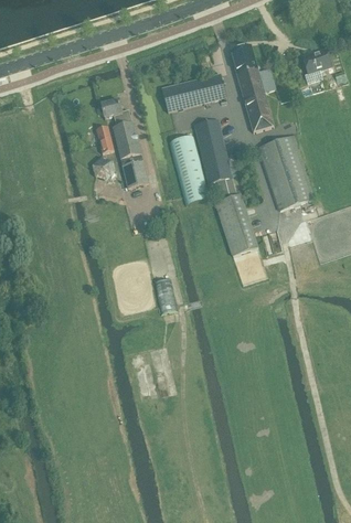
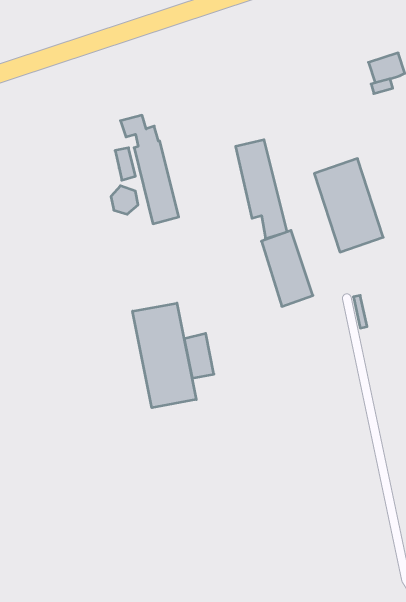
building: [232,45,276,131] -> none
building: [163,74,227,111] -> none
building: [170,135,210,205] -> none
building: none -> [133,303,196,408]

